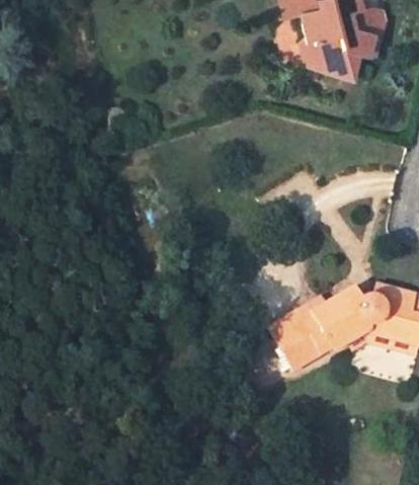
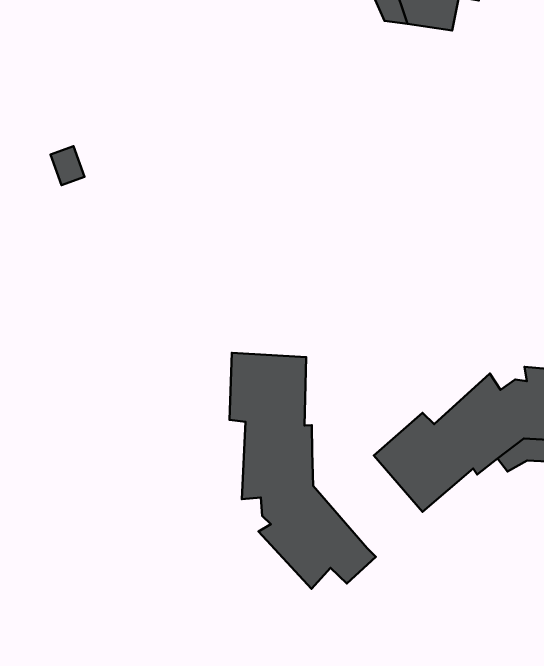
building: none -> [230,353,376,589]

